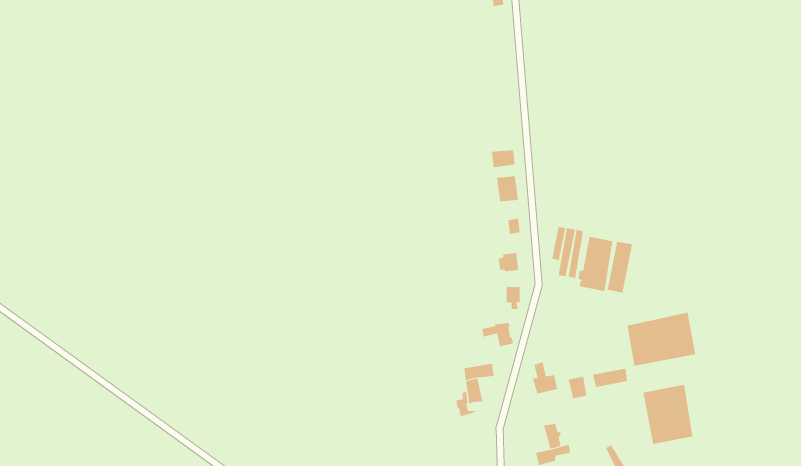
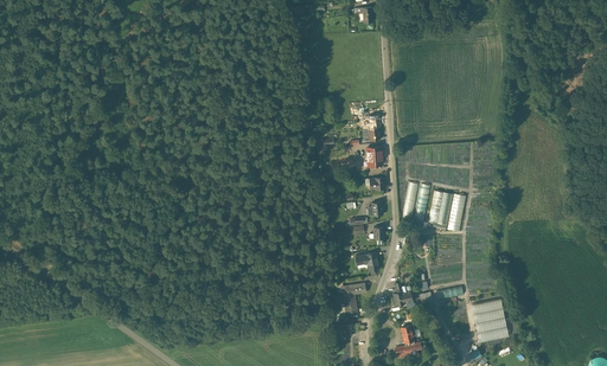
building: [627,312,696,366] -> none

